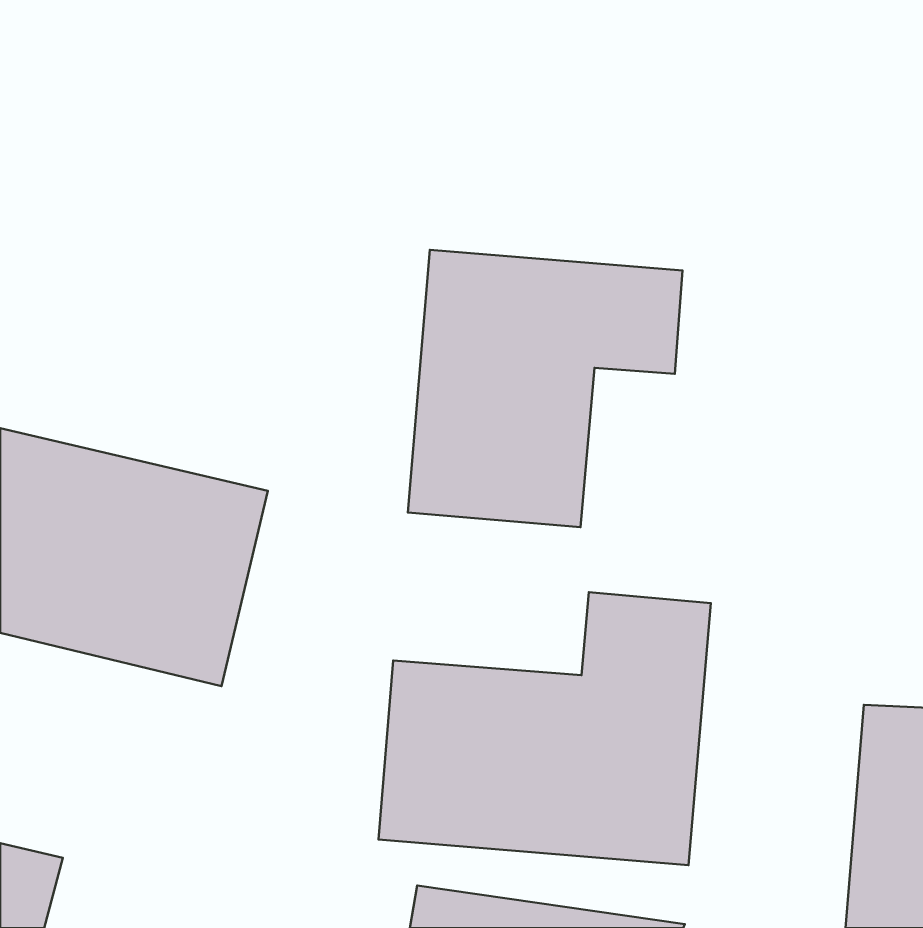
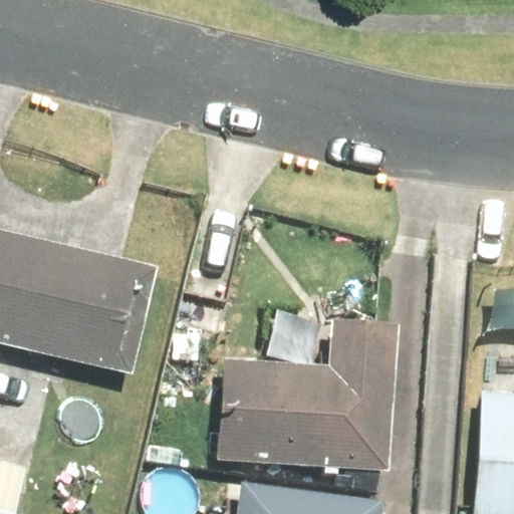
building: [408,250,682,527] -> none

